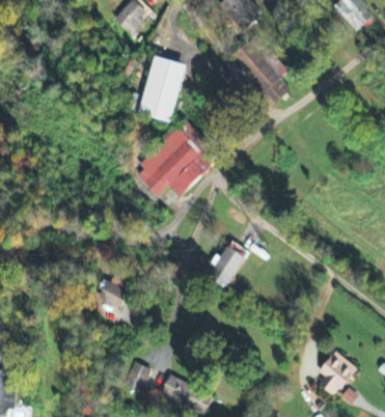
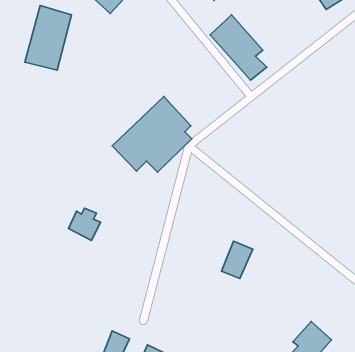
building: [139,55,187,121] -> [25,6,71,70]
building: [212,246,244,284] -> [222,241,253,278]
building: [95,276,129,309] -> [68,208,101,240]

